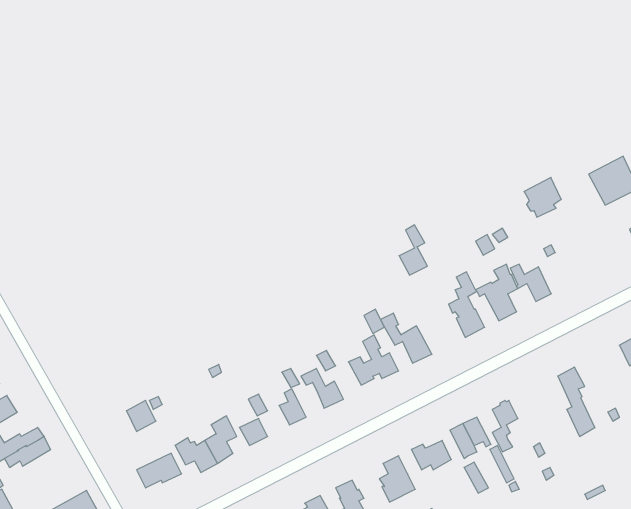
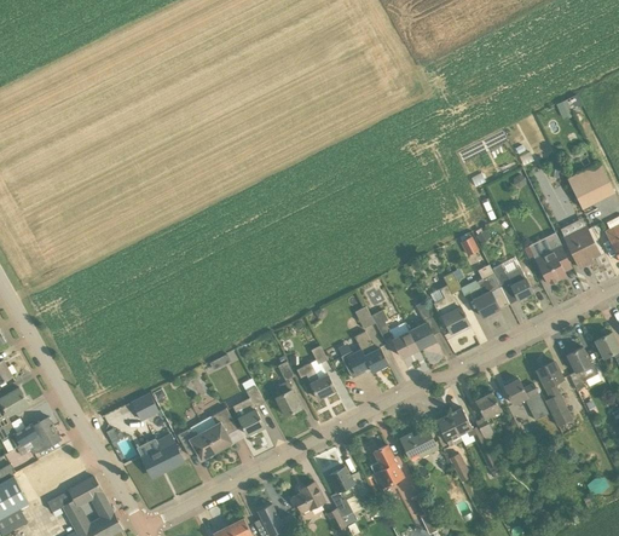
building: [524,177,561,217] -> [534,246,569,283]
building: none -> [563,226,597,267]
building: [399,225,427,275] -> [409,301,435,348]
building: none -> [566,347,594,390]
building: none -> [503,379,548,420]

